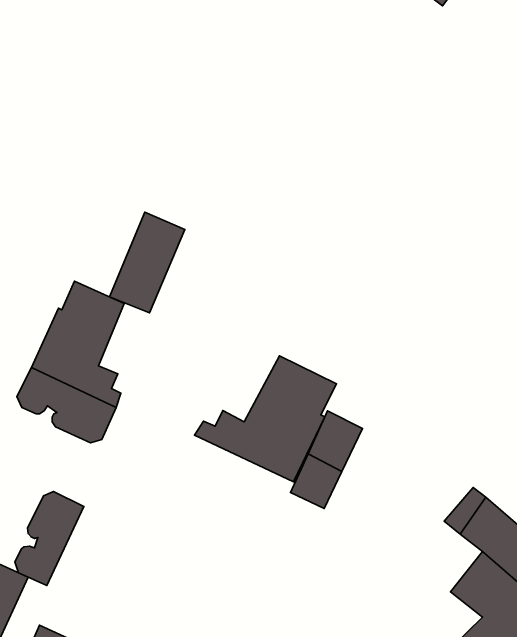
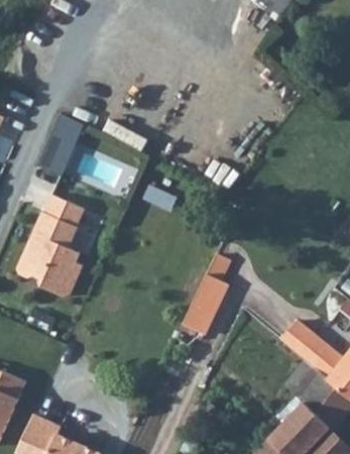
building: [110,212,185,313] -> [40,113,88,177]
building: [195,356,337,482] -> none
building: [15,491,84,585] -> none

